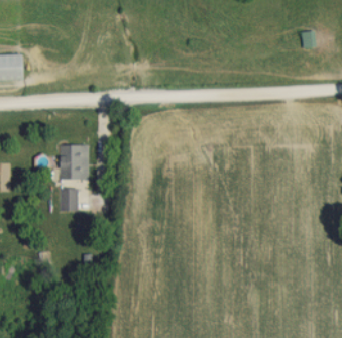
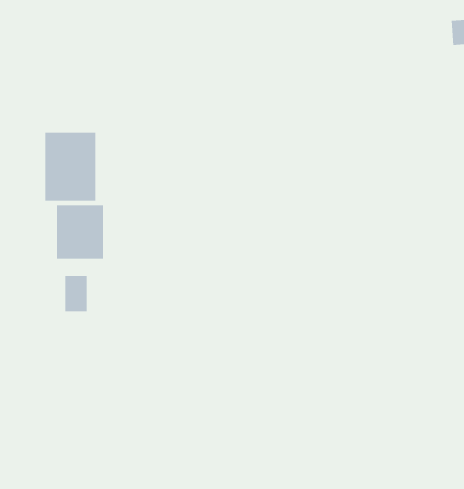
building: none -> [45,132,96,202]

